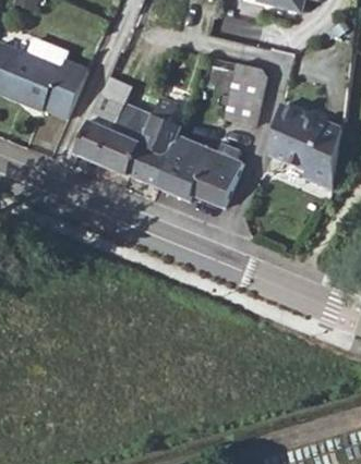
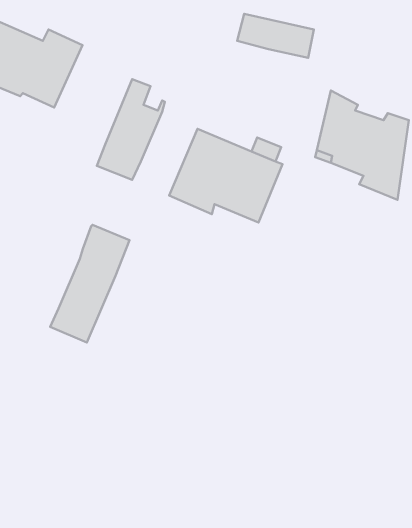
building: [74,59,131,163] -> none
building: [194,74,262,124] -> none
building: [127,96,188,186] -> [50,225,130,343]

